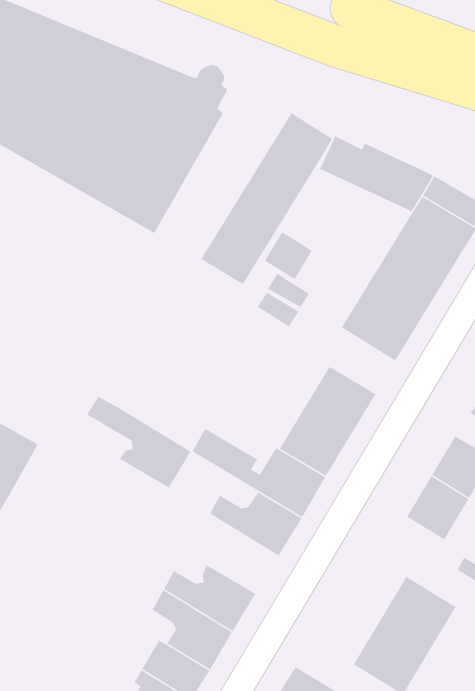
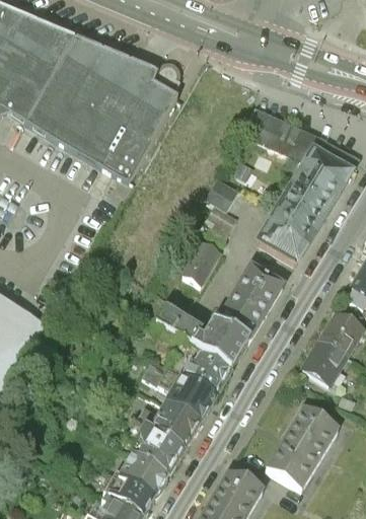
building: [200,112,333,285] -> none
building: none -> [181,238,220,282]
building: [86,395,191,489] -> [142,359,214,423]

